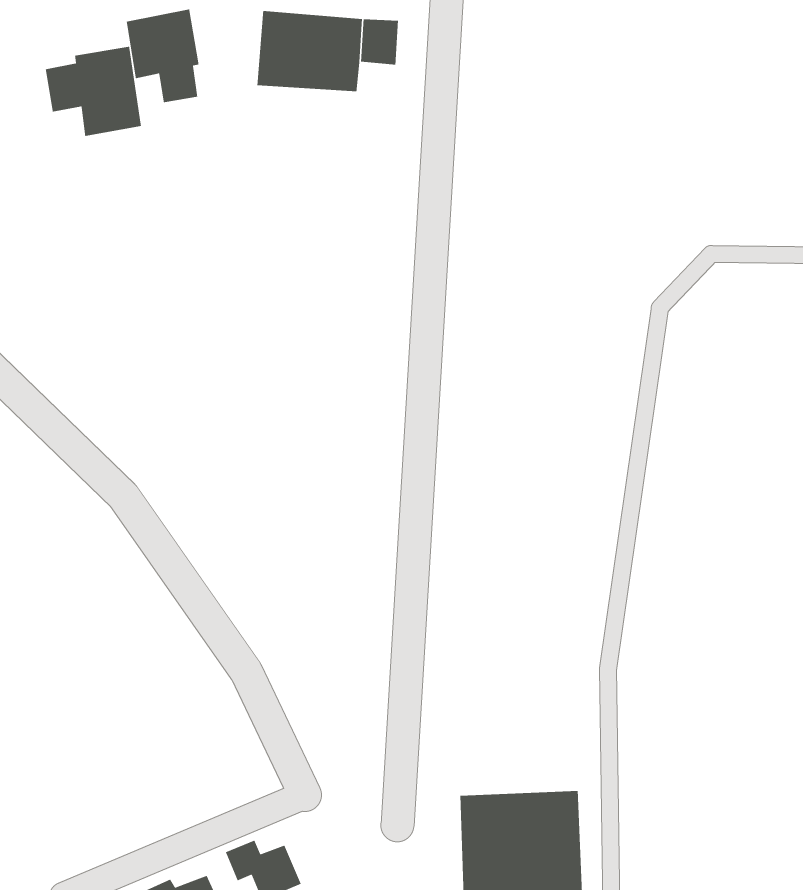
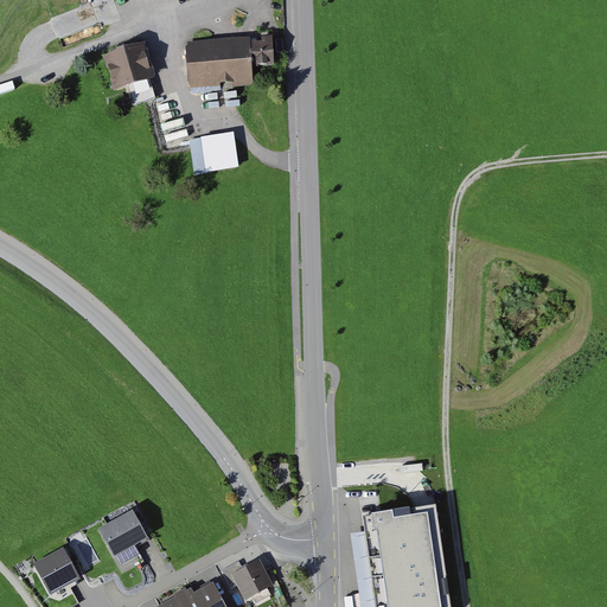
building: [45,46,142,137] -> none
building: none -> [190,133,239,172]
building: none -> [98,506,151,554]

